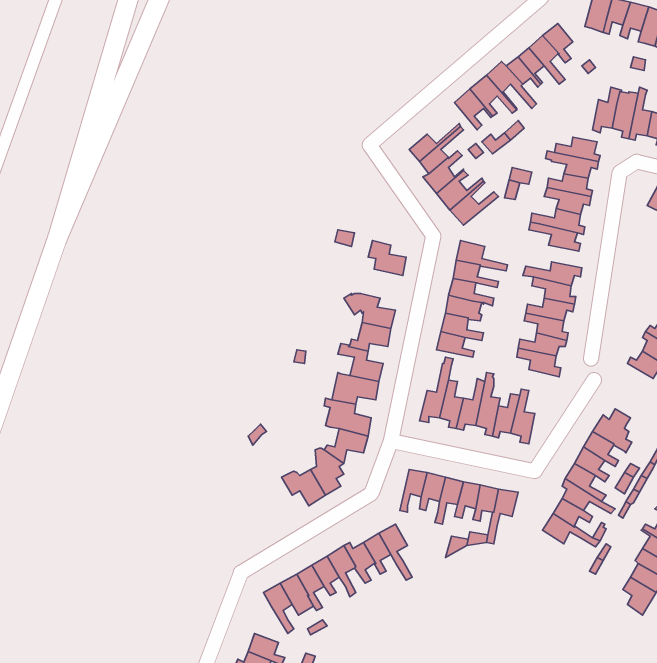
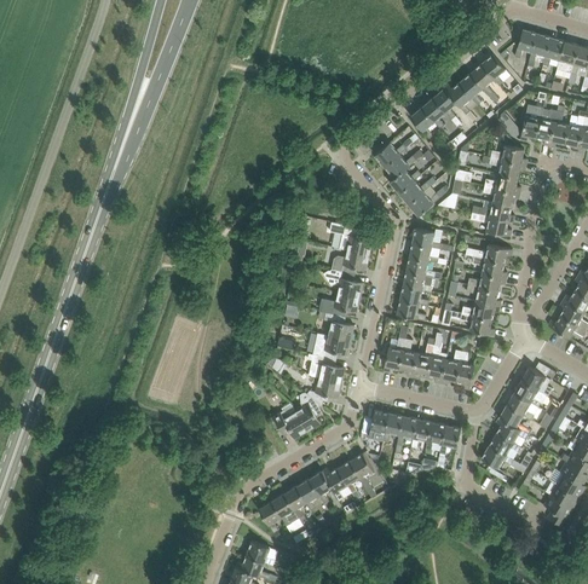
building: none -> [330,250,369,273]

